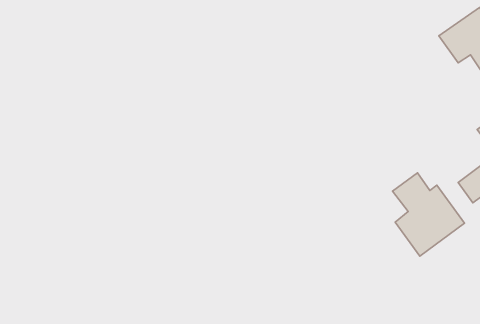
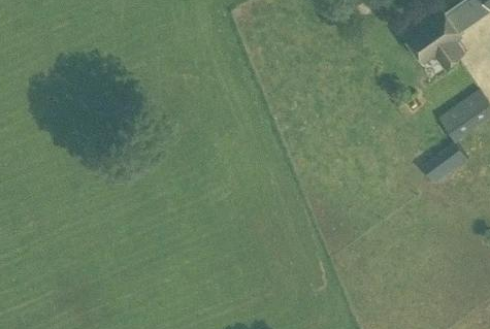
building: [393,173,465,256] -> none

